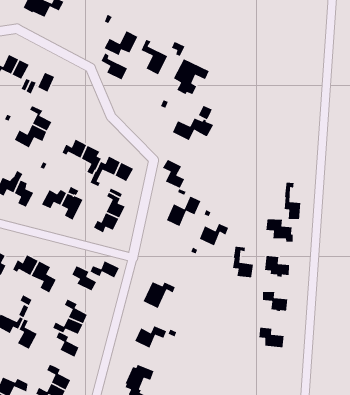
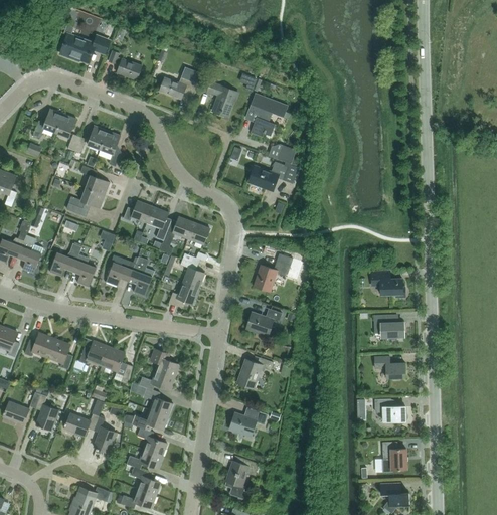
building: [100,52,128,80] -> [108,50,141,81]
building: none -> [100,130,120,167]
building: [162,159,185,189] -> none
building: [284,182,301,220] -> none
building: [199,223,229,247] -> [246,309,281,337]
building: [232,246,254,278] -> none
building: [89,260,120,279] -> [139,370,174,390]
building: none -> [126,450,162,469]
building: none -> [381,442,406,472]

